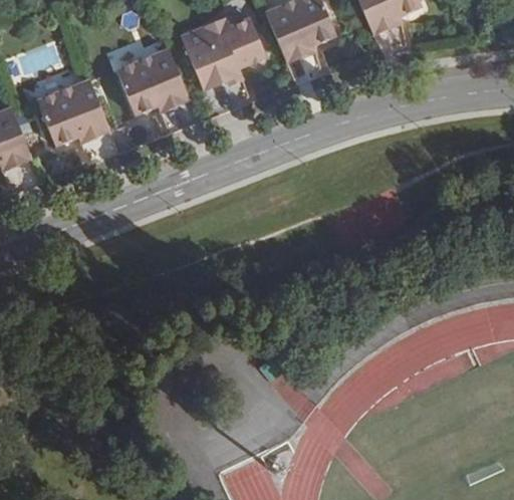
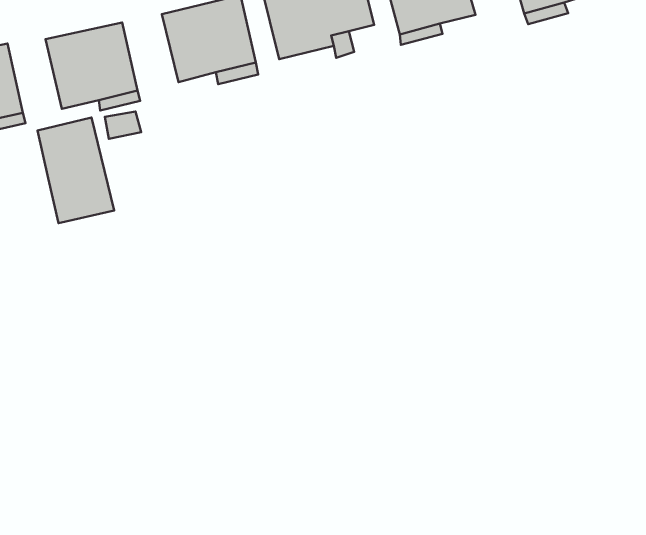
building: none -> [38,117,114,223]

